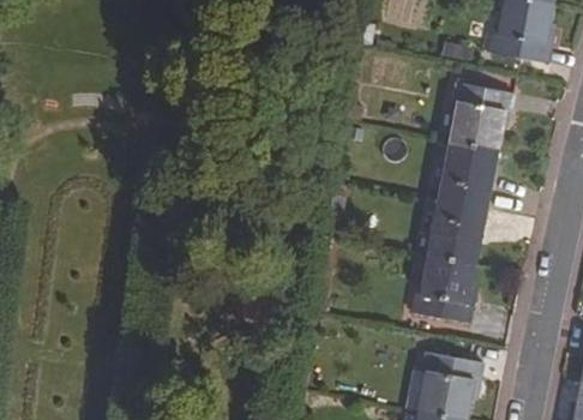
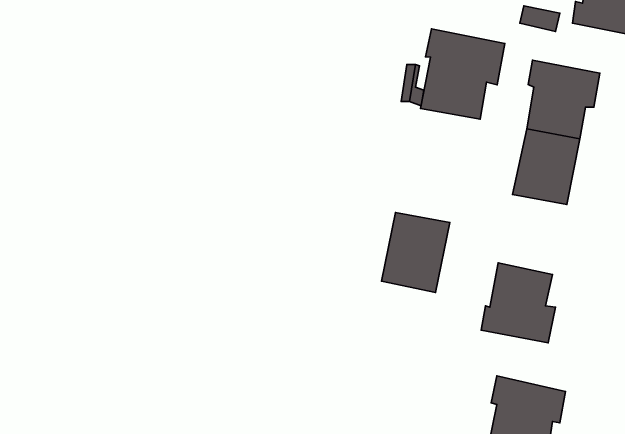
building: none -> [421,29,505,119]
building: [427,196,485,263] -> [381,212,450,292]

